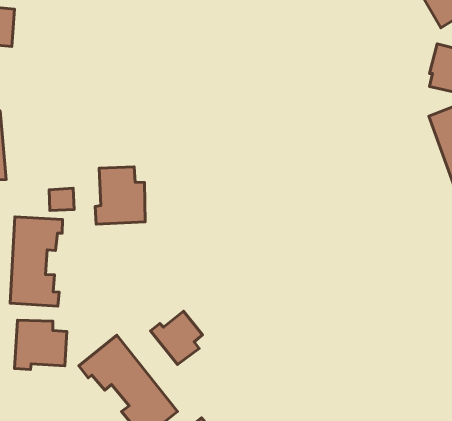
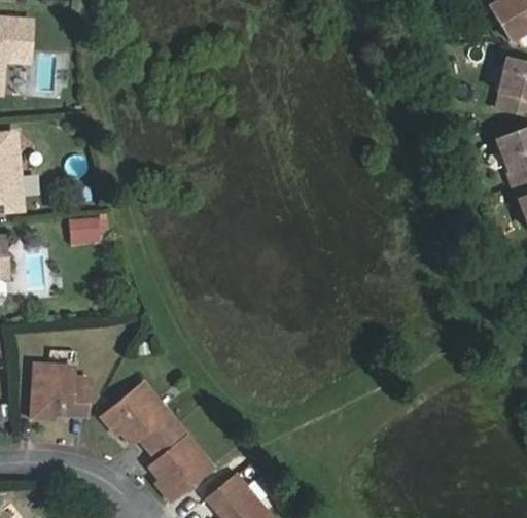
building: [95,167,145,224] -> none
building: [10,217,63,306] -> none
building: [151,311,203,365] -> none

